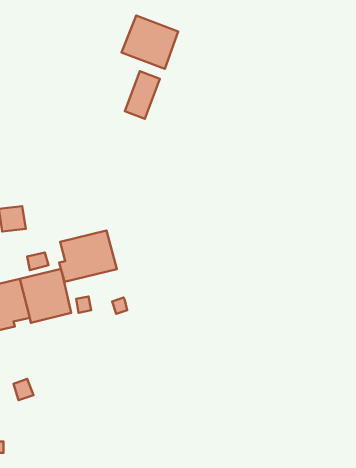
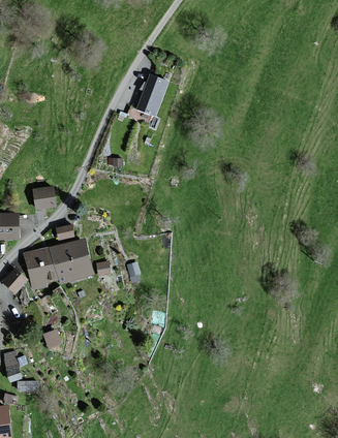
building: [121,15,178,69] -> none
building: [59,231,117,282] -> none

